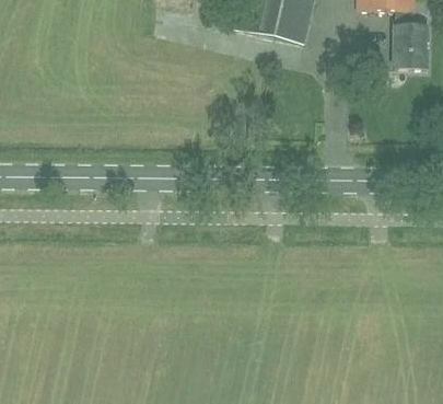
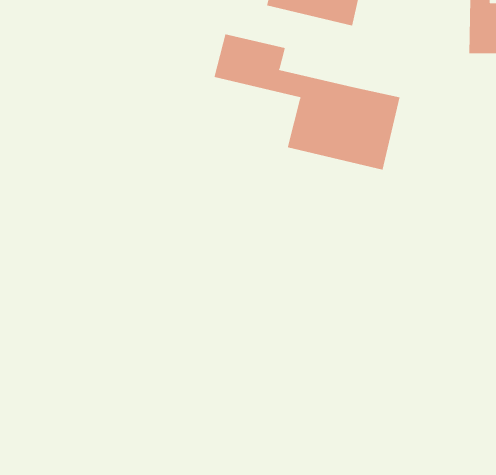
building: none -> [214,34,400,171]

